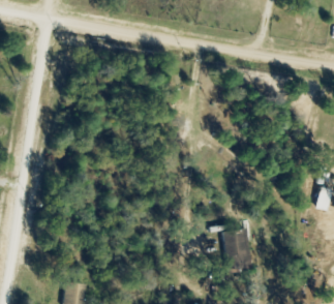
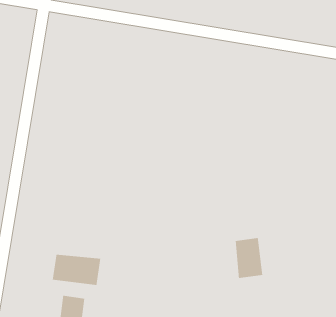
building: none -> [52,254,101,286]

